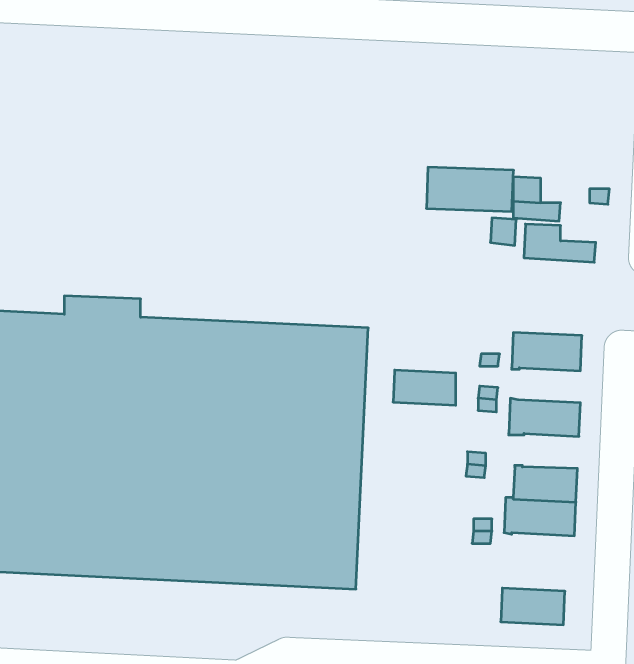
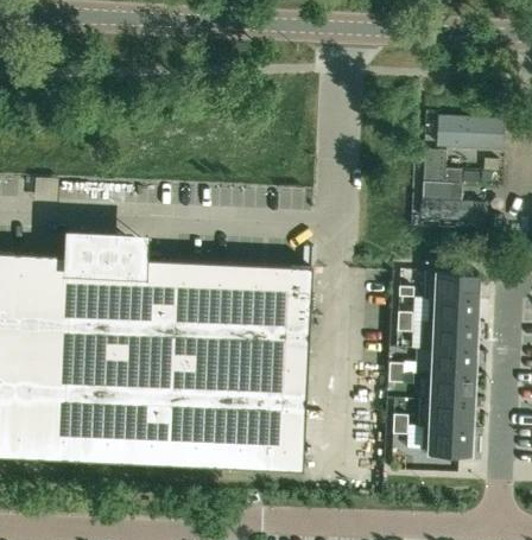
building: [426,167,514,211] -> [437,114,505,148]
building: [393,370,456,405] -> [428,300,476,328]
building: none -> [431,351,475,379]
building: [501,588,565,625] -> [422,428,471,457]

